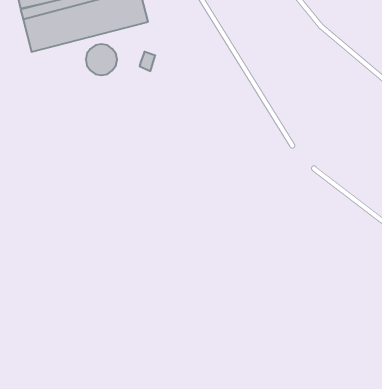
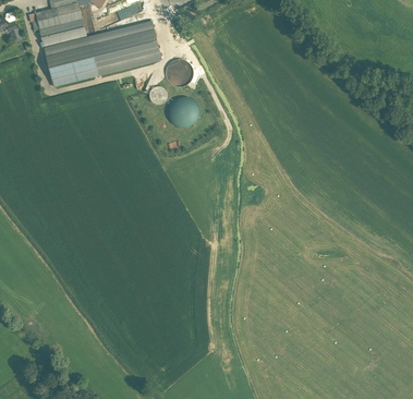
building: [86,44,117,75] -> [165,58,193,86]
building: none -> [169,98,197,125]

